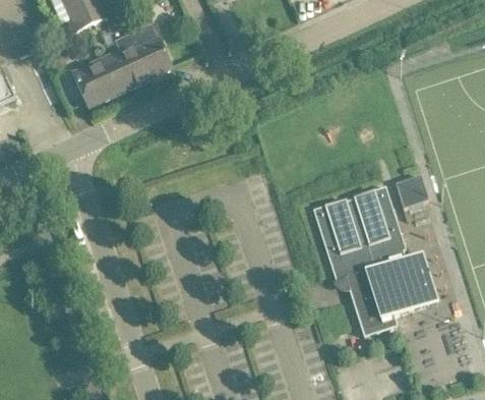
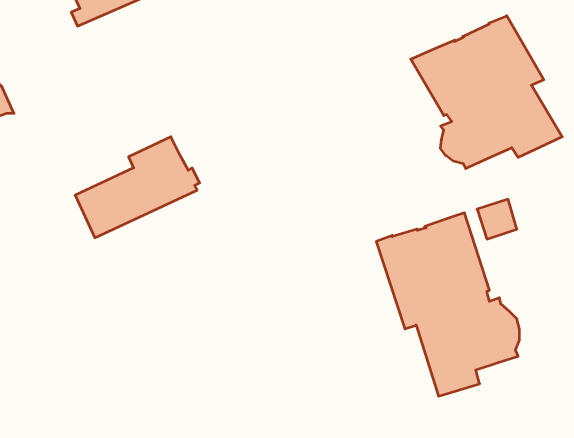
building: [72,23,174,106] -> [75,137,200,238]
building: none -> [411,16,562,169]

